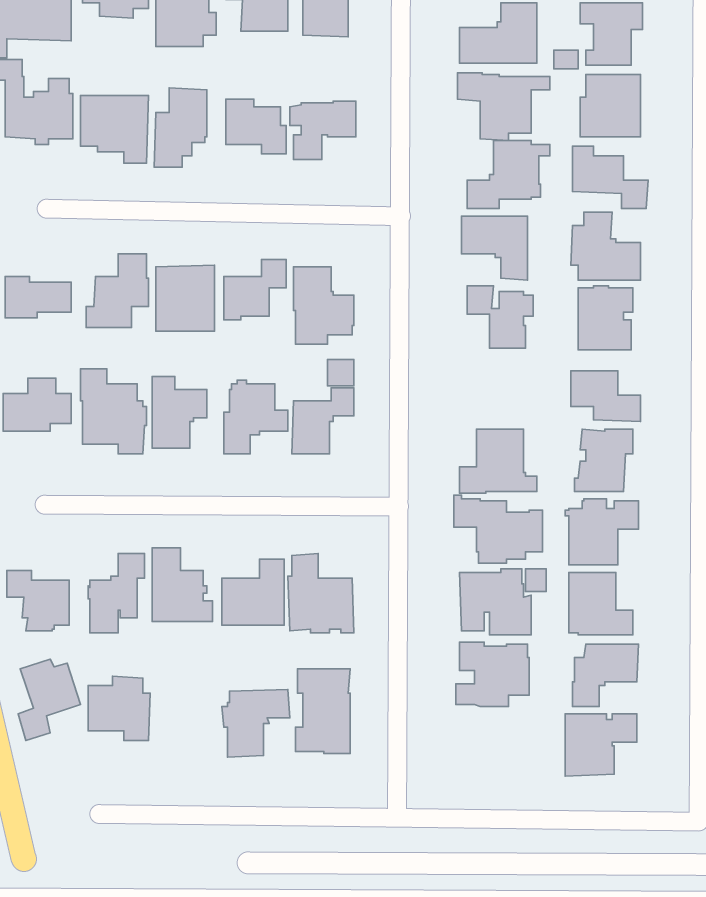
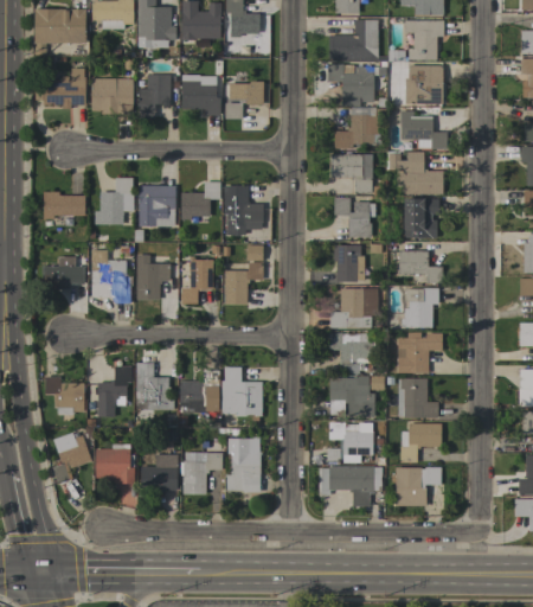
building: none -> [334,245,365,282]
building: none -> [140,454,178,490]
building: none -> [319,467,383,506]

